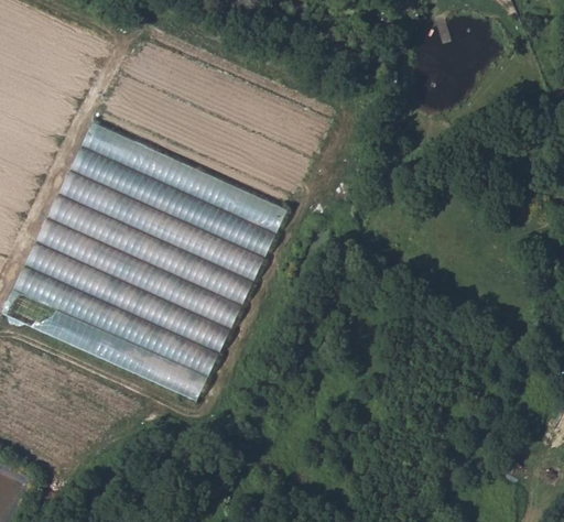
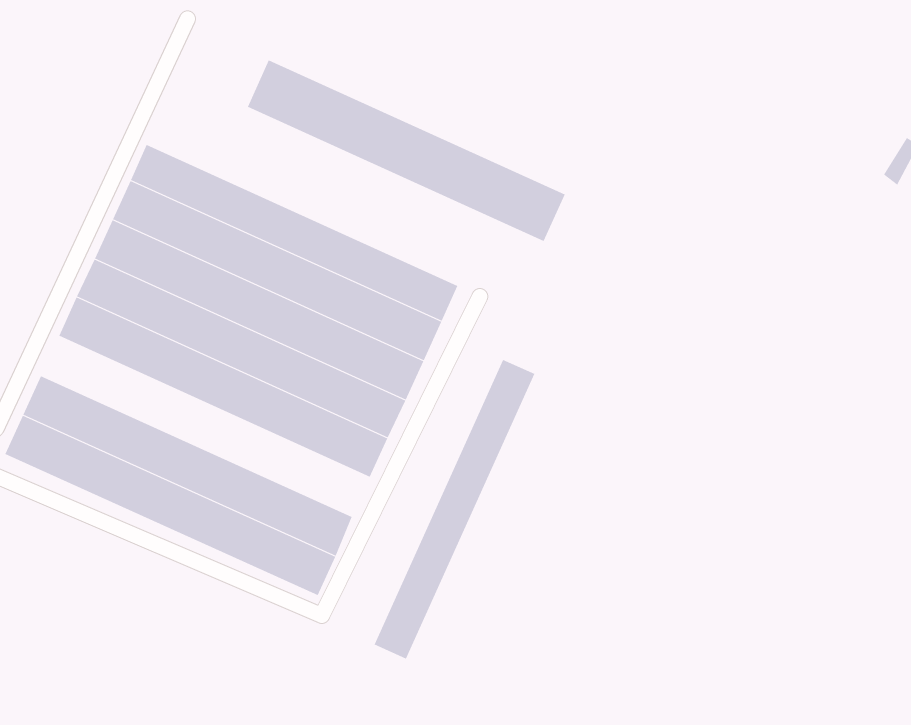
building: none -> [247,59,565,242]
building: [28,240,230,351] -> none
building: none -> [374,359,535,659]

